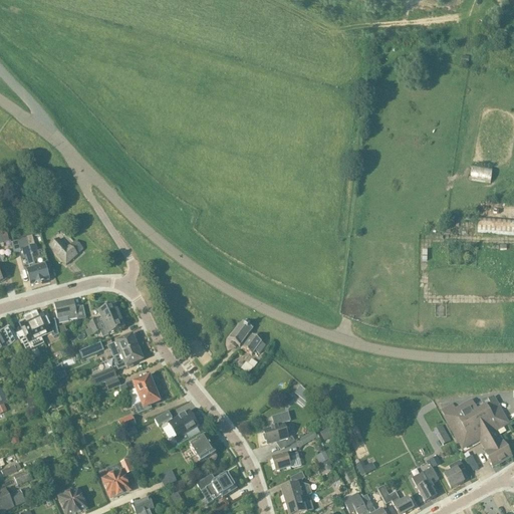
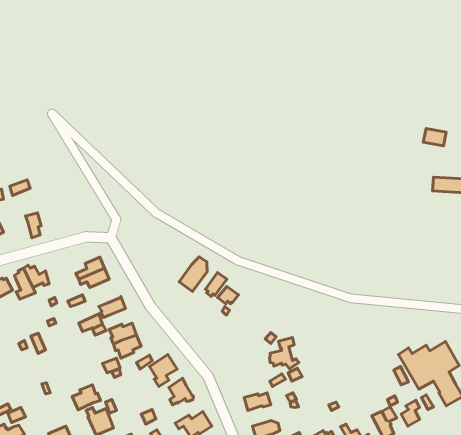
building: [11,235,40,283] -> none
building: [50,237,83,262] -> none
building: [54,297,85,317] -> none
building: none -> [179,257,207,292]
building: [107,333,138,356] -> none
building: [263,412,295,446] -> [269,338,299,369]
building: none -> [72,385,100,410]

